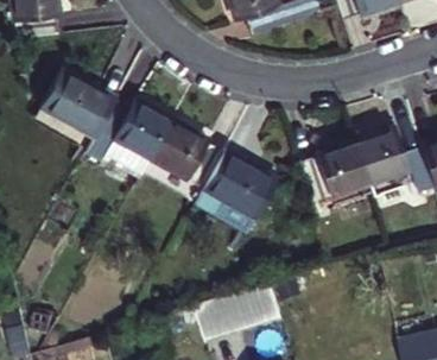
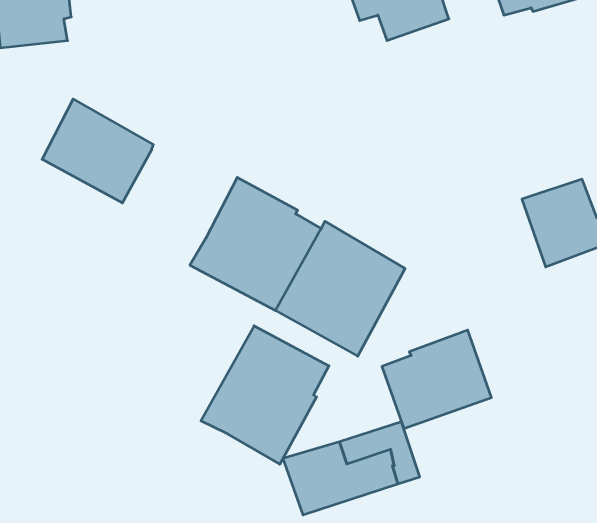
building: [91,103,166,162] -> none
building: [296,137,367,201] -> [382,330,491,429]
building: none -> [201,326,329,464]

